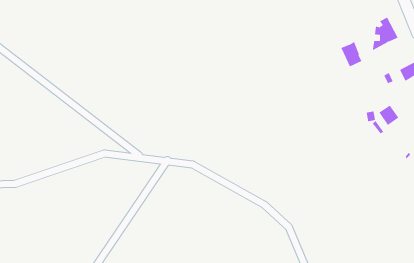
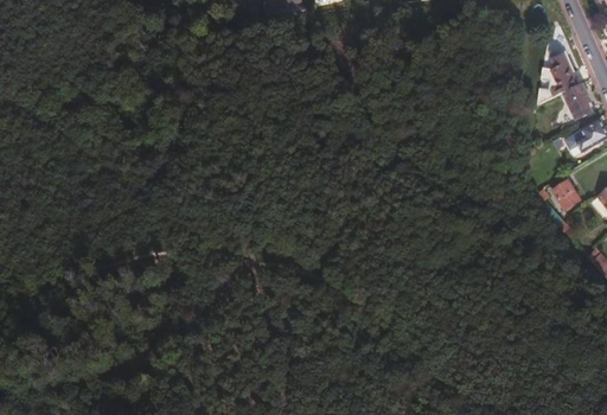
building: [340,41,362,67] -> [563,82,594,119]

